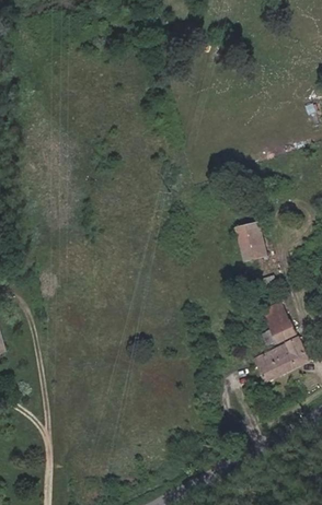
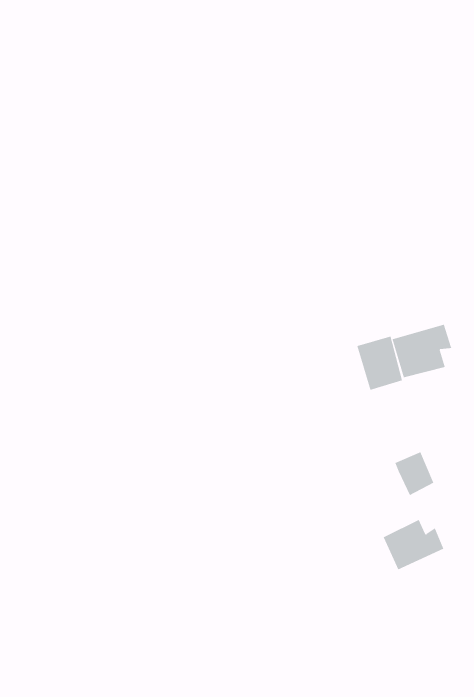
building: none -> [392,324,453,378]
building: [273,324,307,367] -> none

